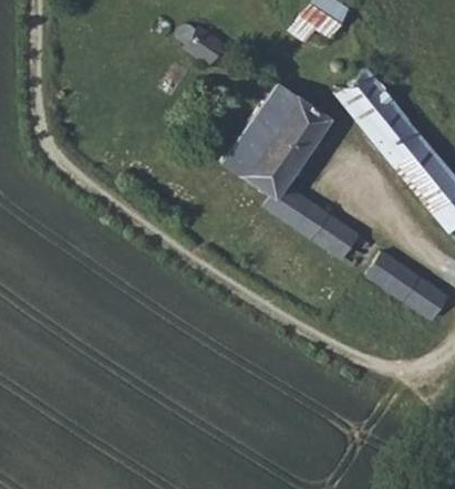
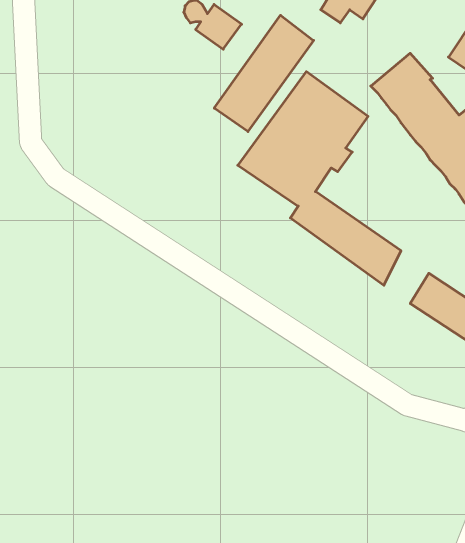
building: none -> [214,15,314,132]

